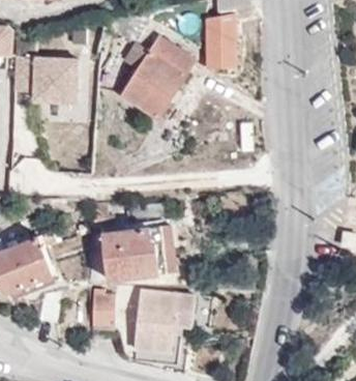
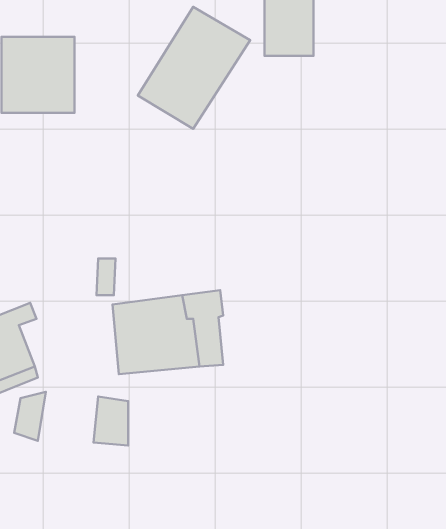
building: [135,290,194,364] -> none

